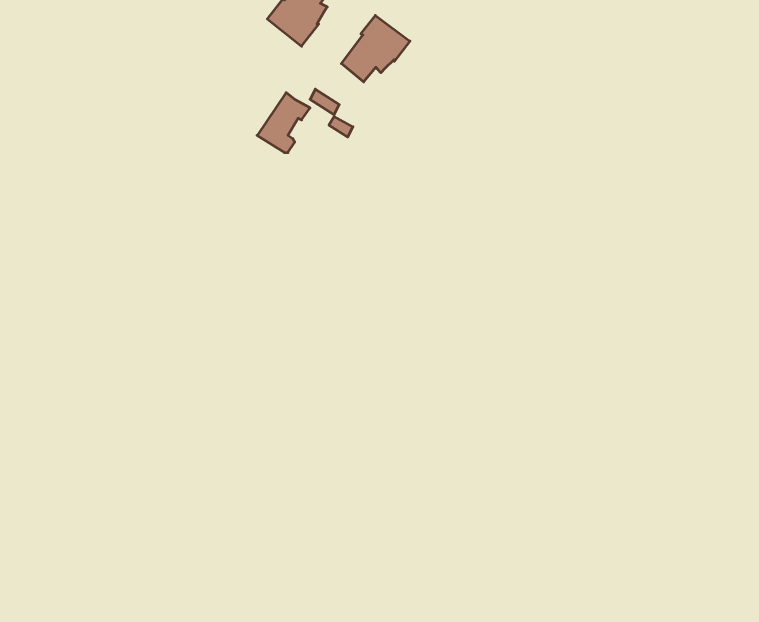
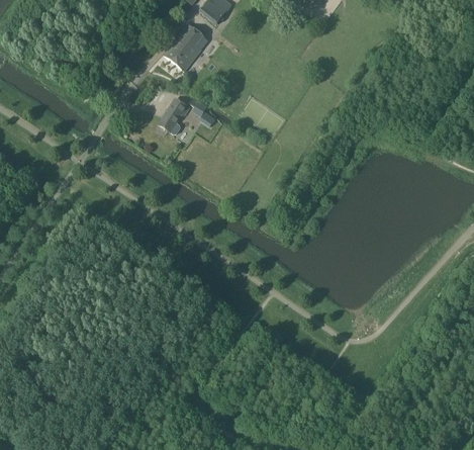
building: [341,15,410,82] -> none

